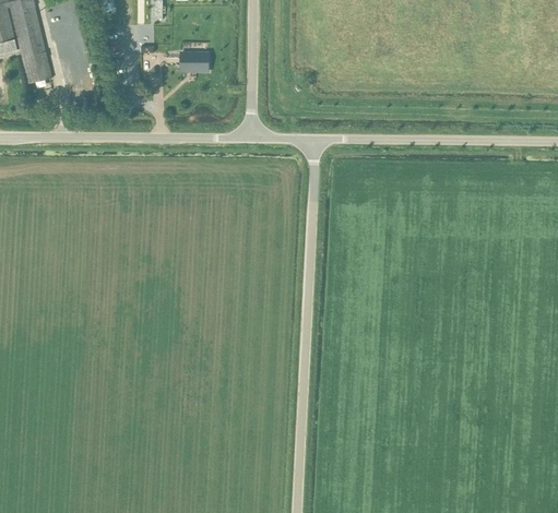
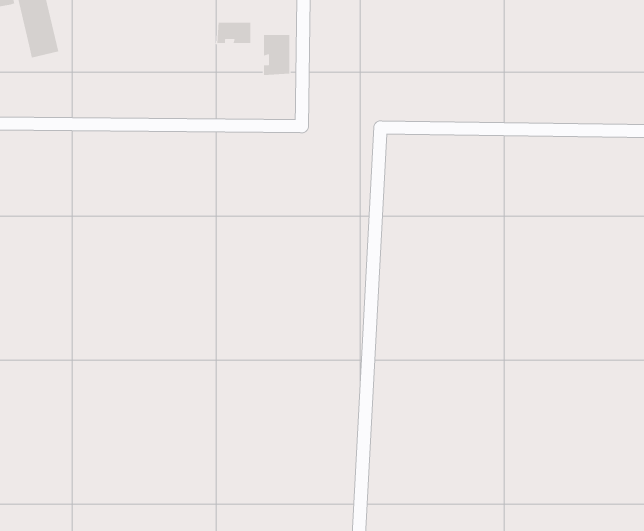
building: none -> [263,34,290,76]

